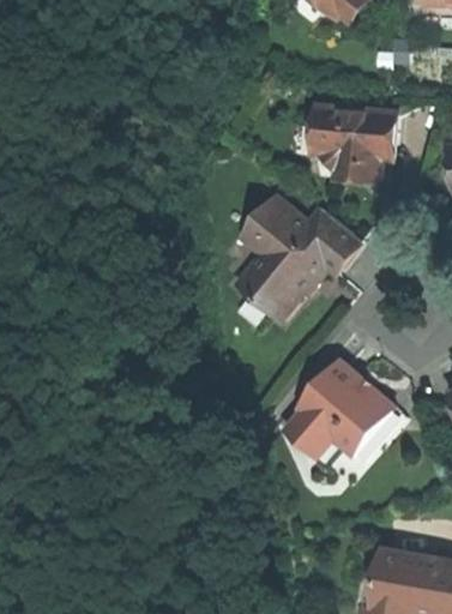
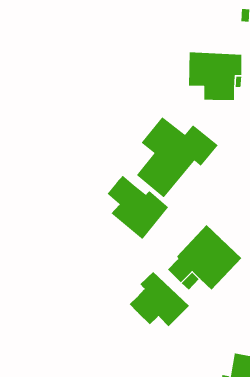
building: none -> [106,175,169,240]
building: none -> [129,271,190,327]

